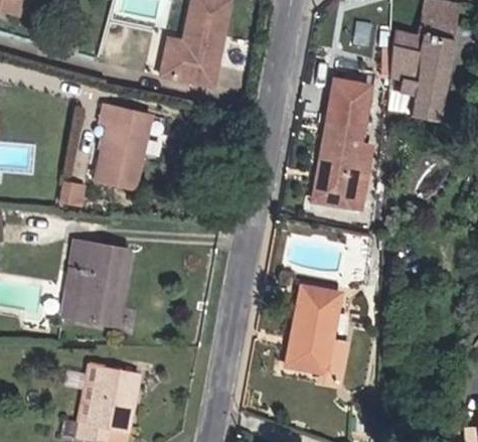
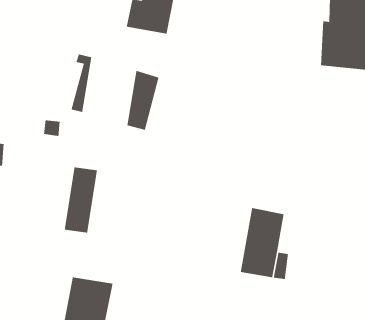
building: [318,83,378,209] -> none
building: [102,105,142,179] -> [127,70,160,131]
building: [56,234,91,316] -> none

